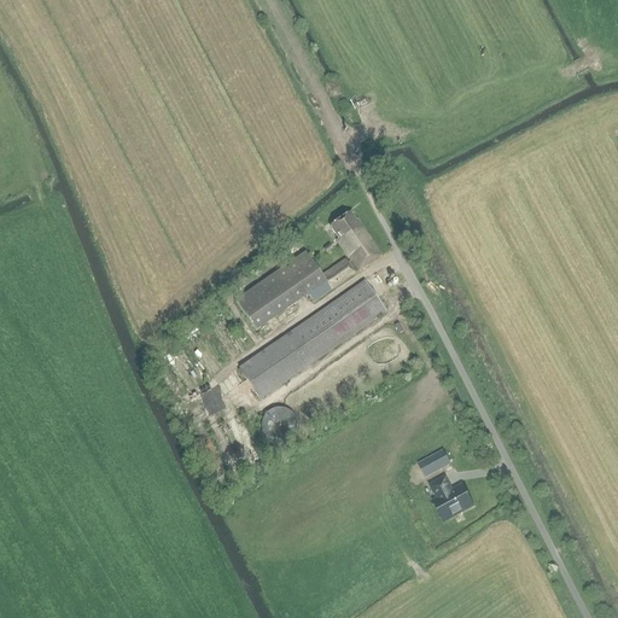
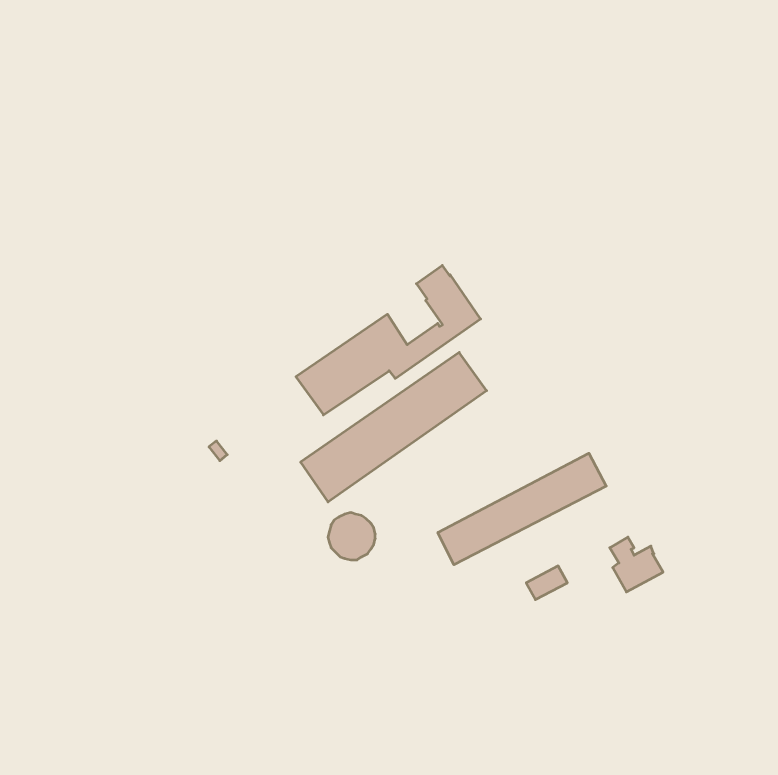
building: none -> [438,453,606,565]
building: [431,476,473,519] -> [610,537,663,592]

